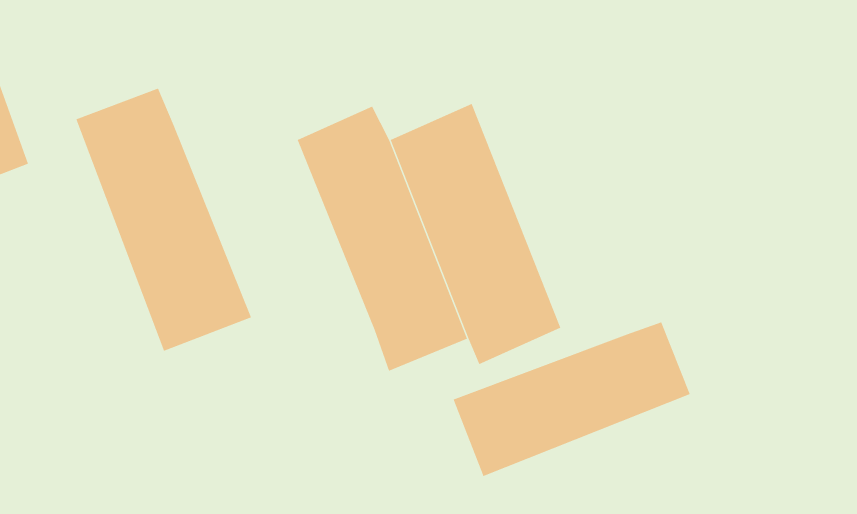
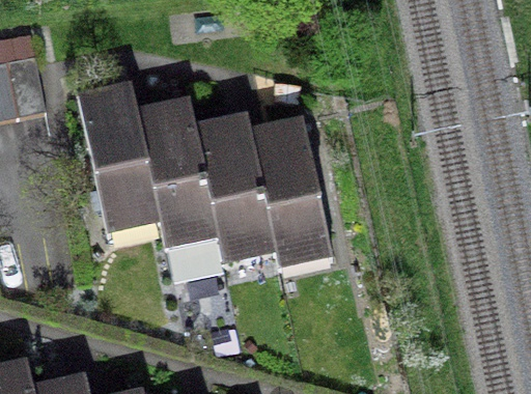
building: none -> [130,92,227,254]
building: [453,322,691,477] -> none

